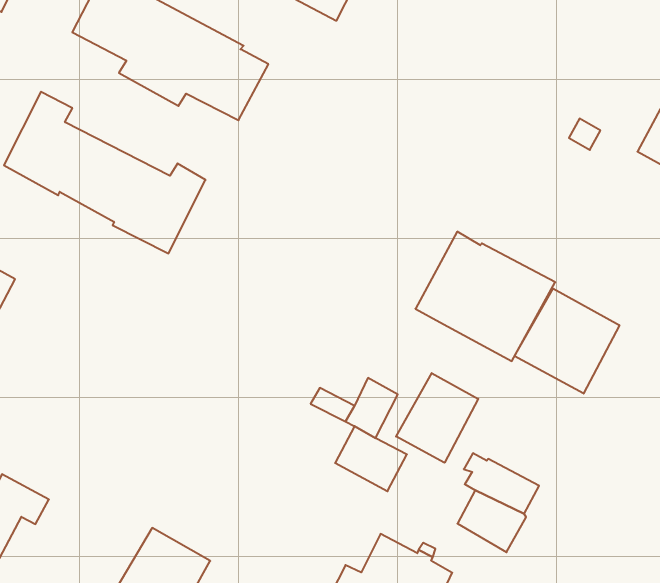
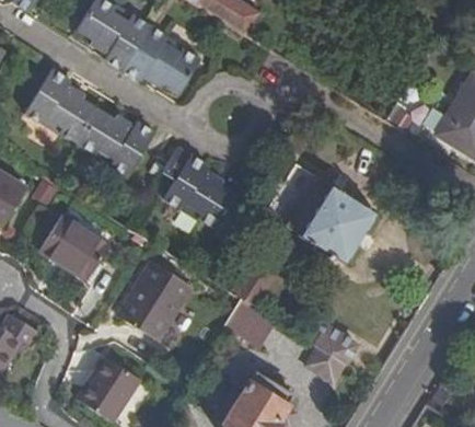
building: none -> [162,147,238,229]
building: [515,289,619,394] -> none
building: none -> [39,214,109,280]
building: [396,373,478,463] -> none
building: none -> [116,259,194,342]

